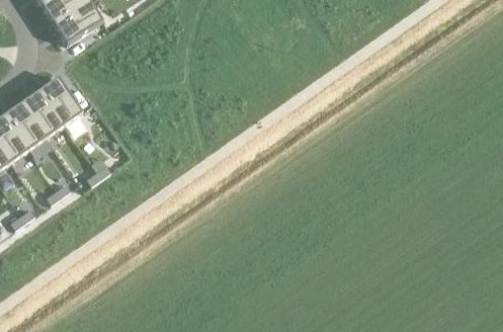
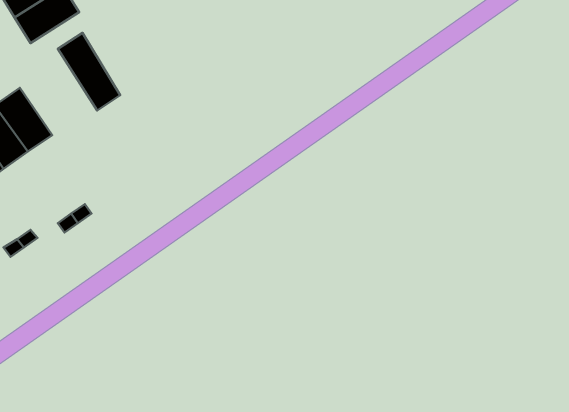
building: none -> [58,33,120,110]

